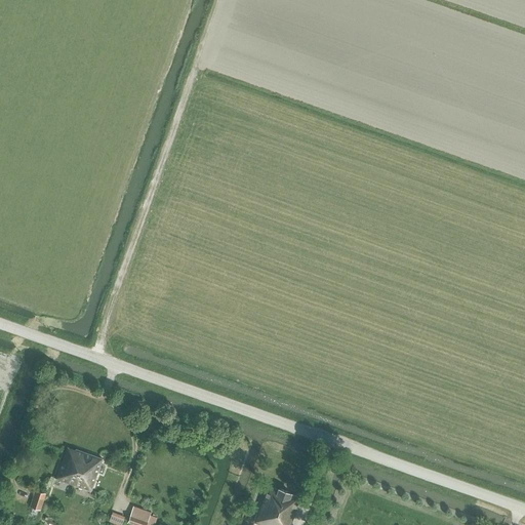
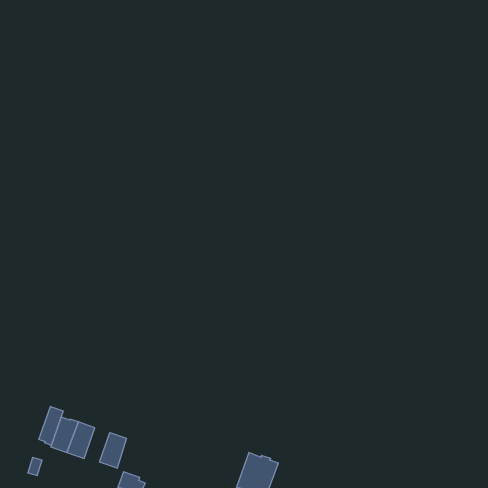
building: none -> [39,406,63,445]
building: none -> [100,433,126,468]

